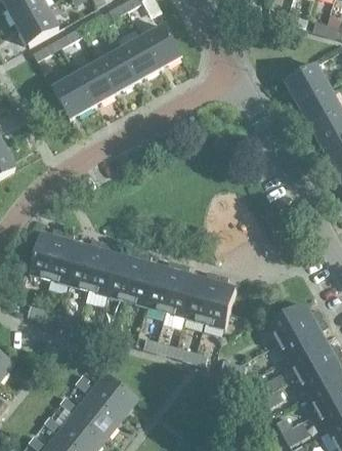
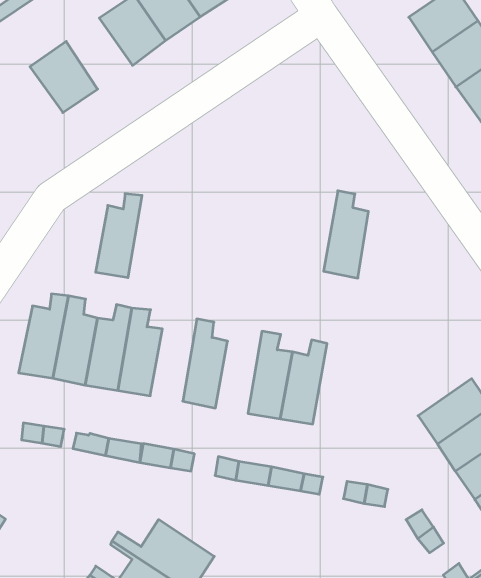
building: [77,63,116,106] -> none
building: [108,249,140,300] -> [96,194,142,278]
building: [146,259,179,312] -> none
building: [205,274,236,328] -> [324,191,368,278]

